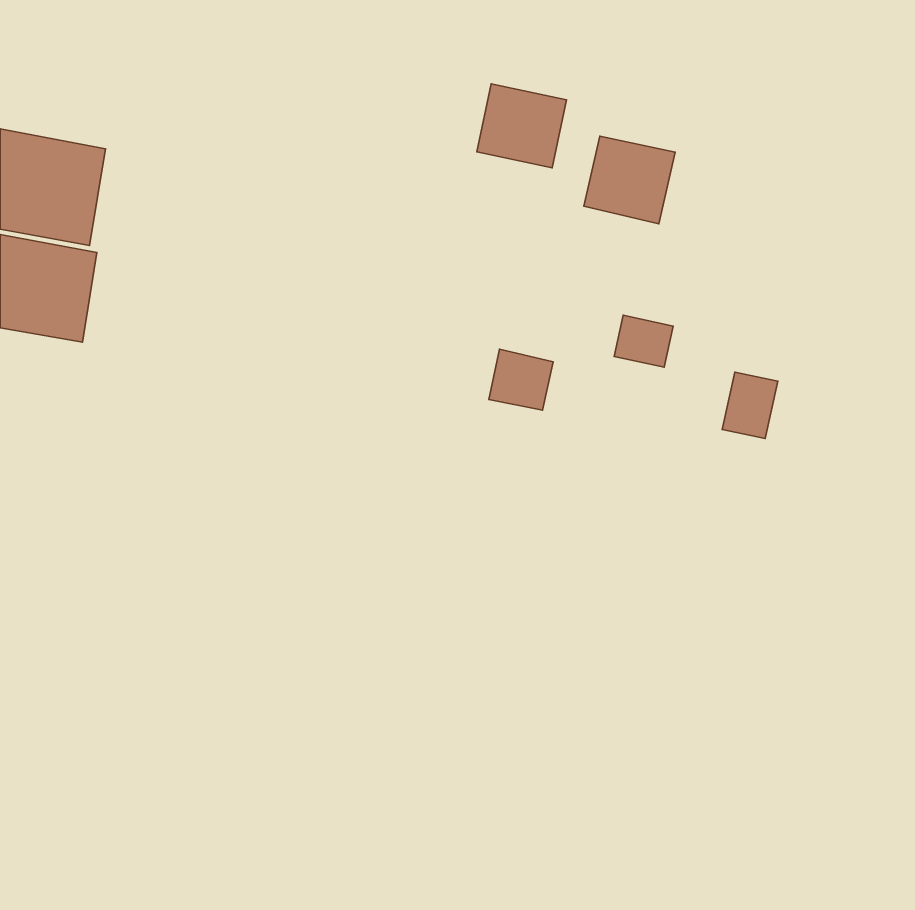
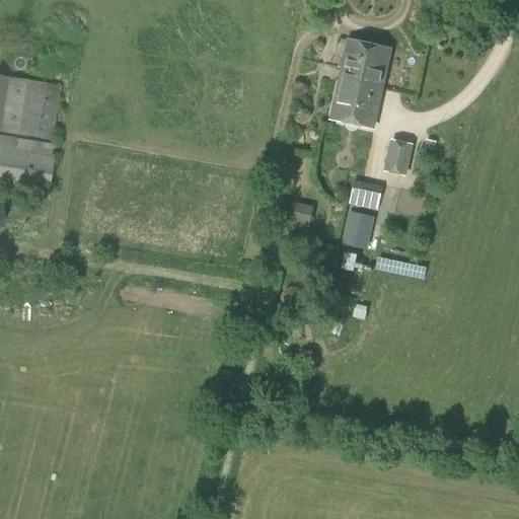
building: [477,84,566,168] -> [340,39,390,86]
building: none -> [382,137,414,174]
building: [722,372,778,438] -> [343,210,374,247]

